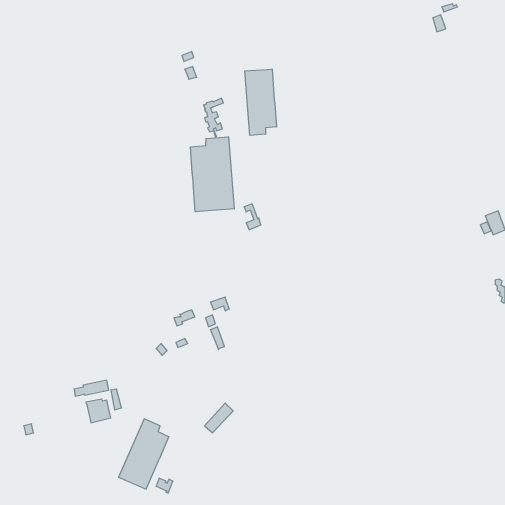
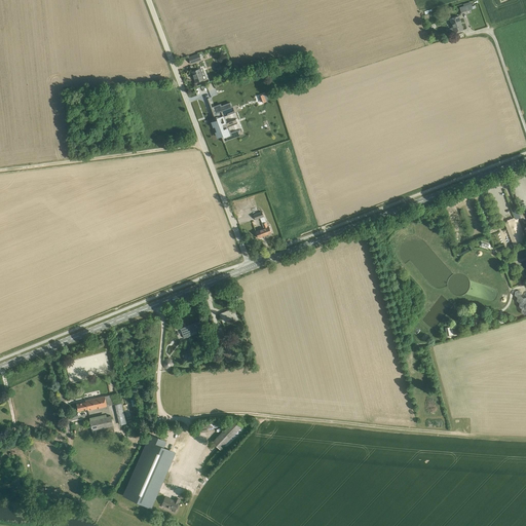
building: [245,69,276,135] -> none
building: [191,137,234,212] -> none

